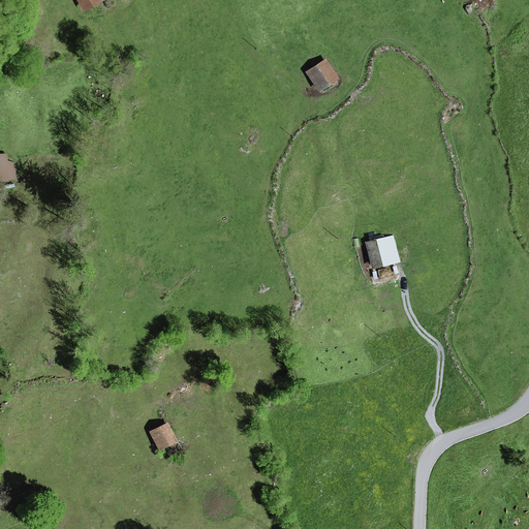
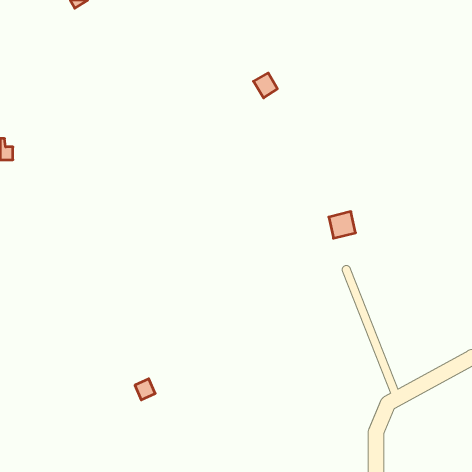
building: [308,61,335,89] -> [253,73,277,98]

